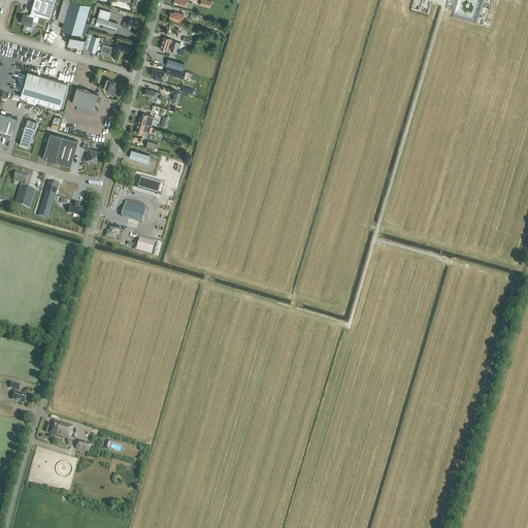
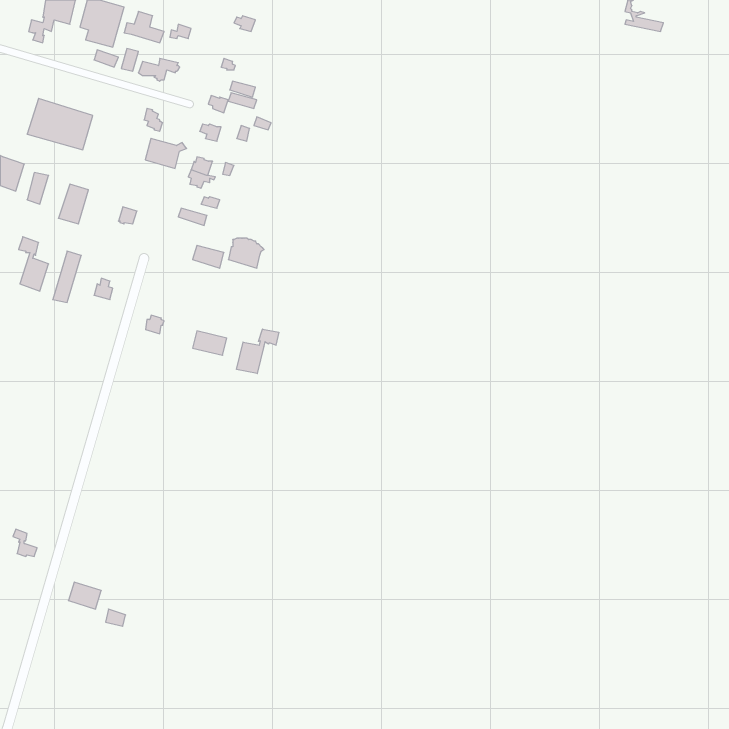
building: [72,88,102,109] -> [145,138,187,168]
building: [57,137,78,166] -> none
building: [122,201,147,223] -> [228,238,264,268]
building: none -> [237,329,279,374]

